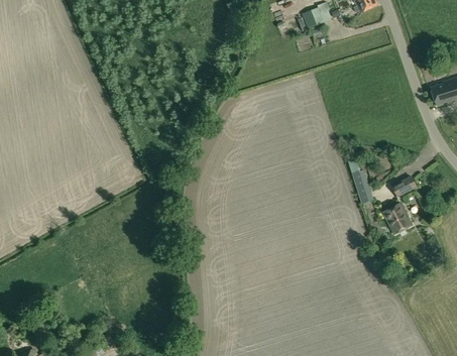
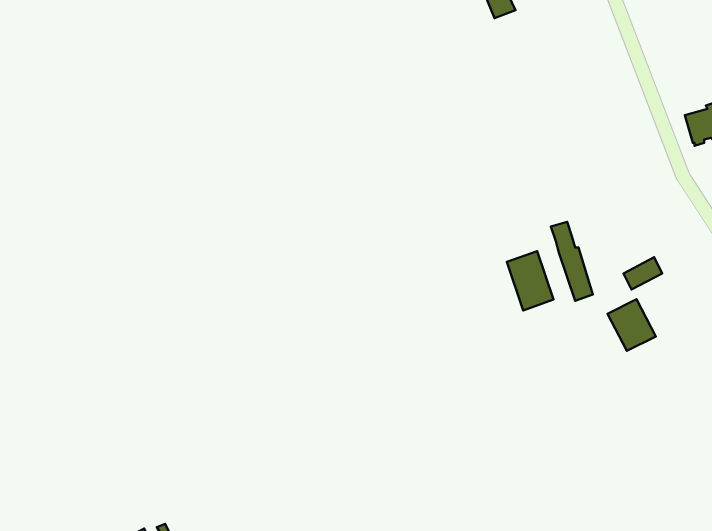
building: none -> [507,251,553,310]

